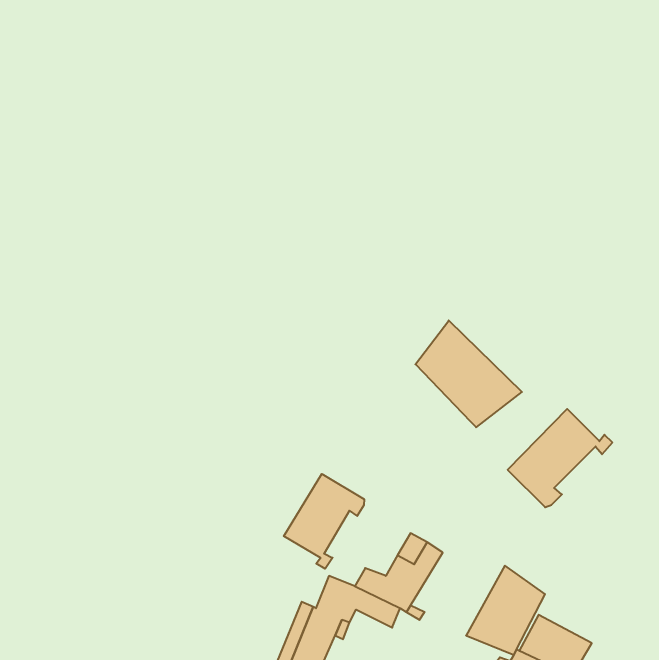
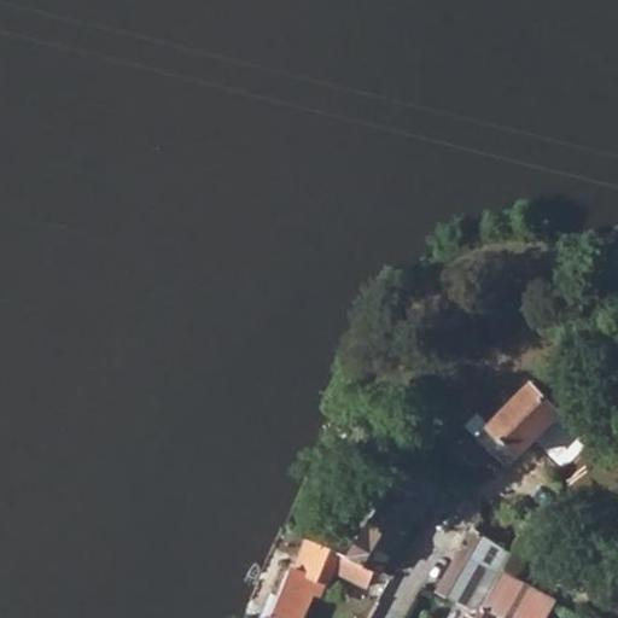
building: [415,320,522,427] -> none
building: [284,474,364,569] -> none

